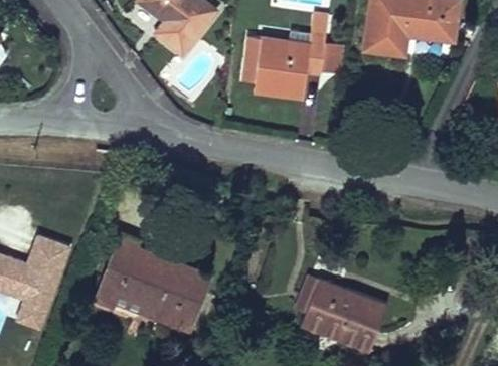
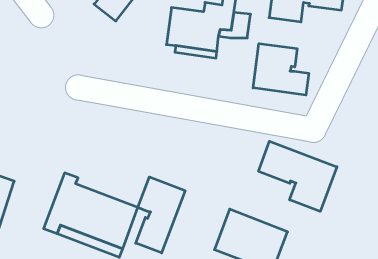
building: none -> [253,44,309,95]
building: none -> [259,141,337,211]
building: none -> [136,177,185,253]

